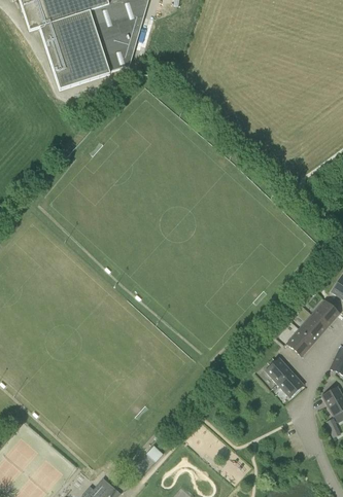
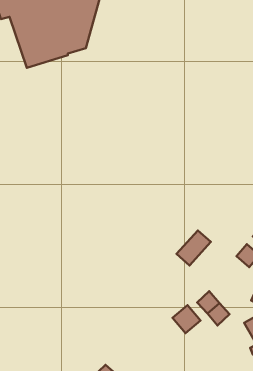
building: [285,314,327,356] -> [176,231,211,266]
building: none -> [173,305,200,333]

